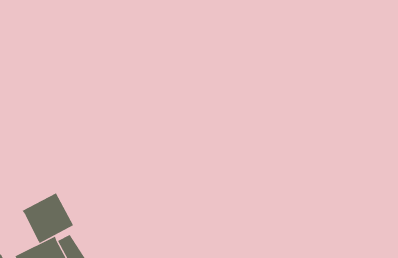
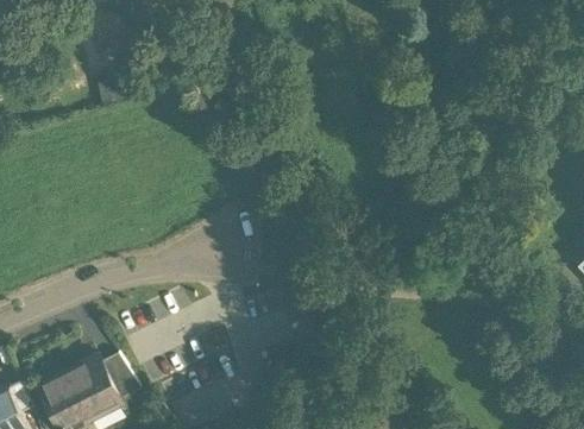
building: [22,192,74,244] -> none

